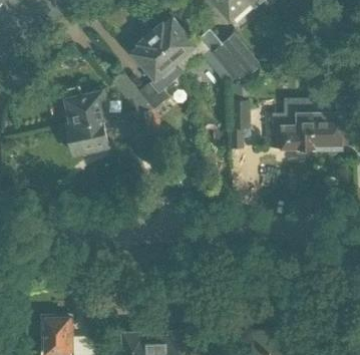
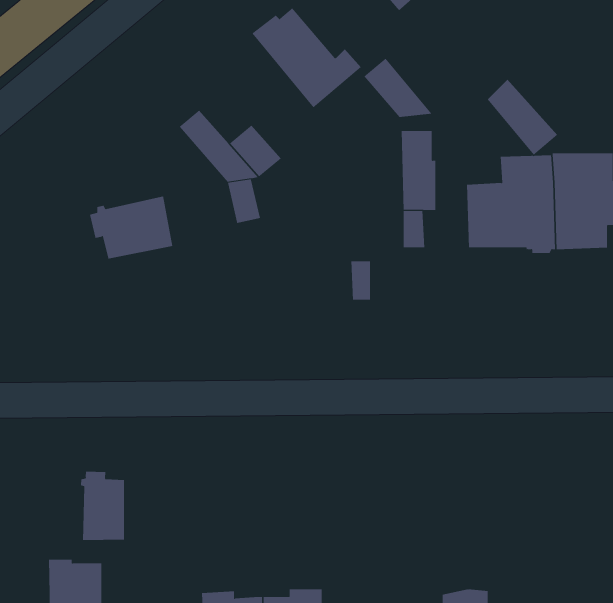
building: [130,33,184,91] -> none
building: [223,35,261,76] -> [487,79,558,155]
building: [65,88,108,127] -> none
building: none -> [80,471,124,541]

